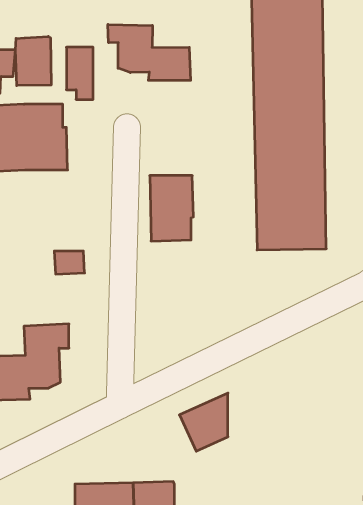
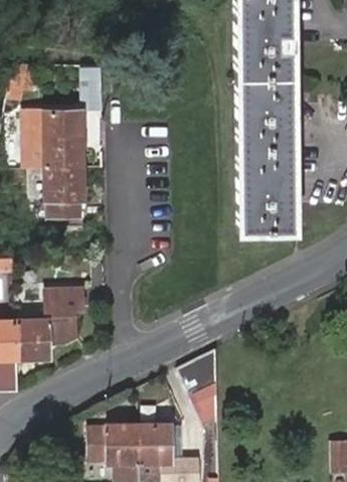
building: [108,24,191,80] -> none
building: [15,36,51,86] -> none
building: [150,176,193,241] -> [49,166,85,220]

